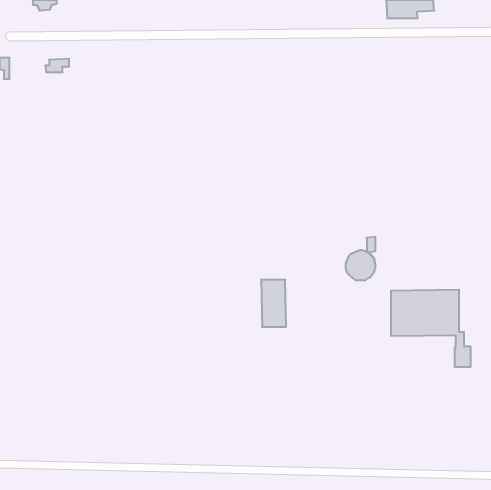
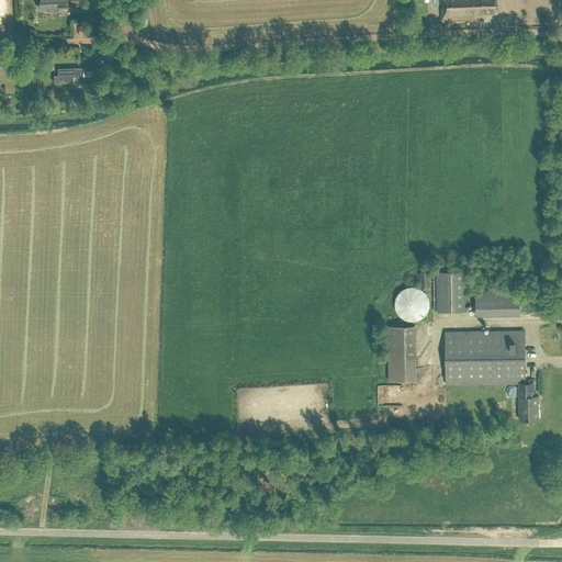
building: none -> [435,272,465,313]
building: none -> [474,290,518,317]
building: [261,280,286,327] -> [386,327,415,381]

